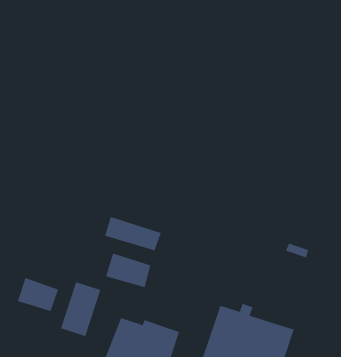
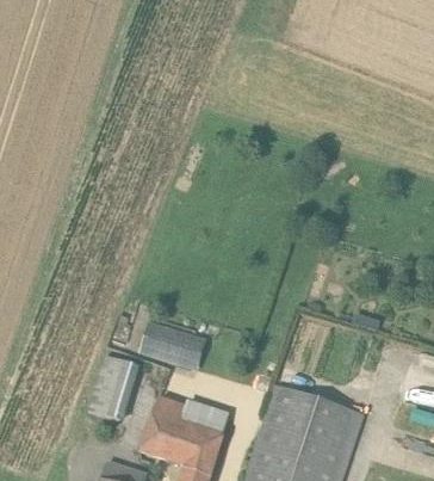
building: [104,216,161,251] -> none
building: [17,277,59,312] -> none

